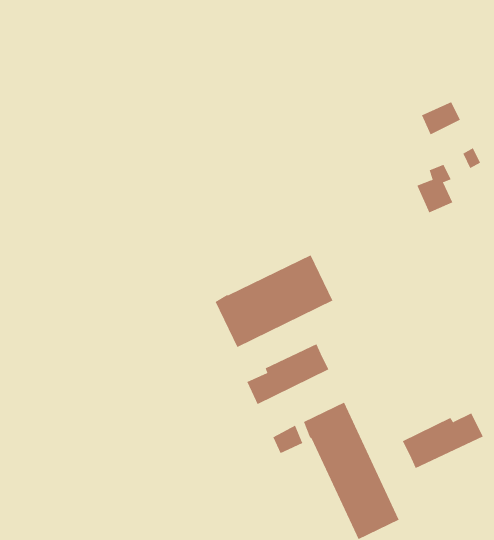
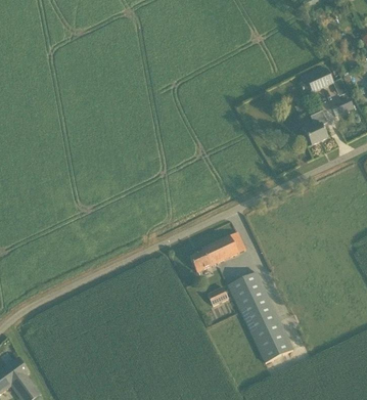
building: [215,254,333,348] -> none
building: [402,412,484,469] -> none

